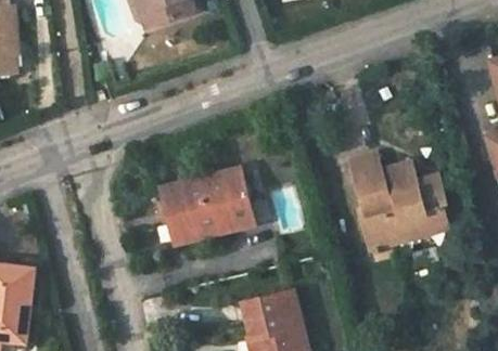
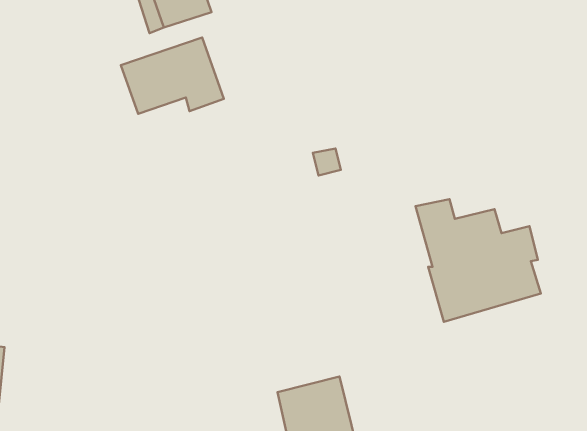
building: none -> [121,37,224,114]
building: [161,168,253,244] -> none

